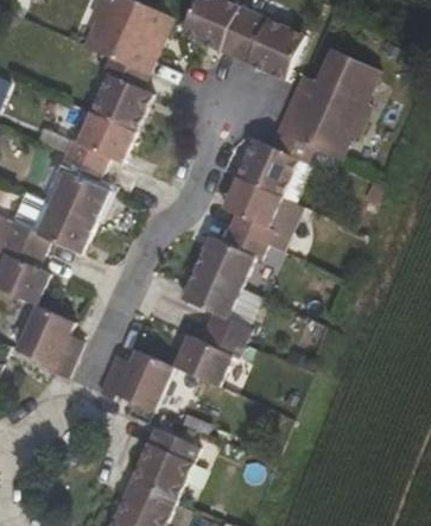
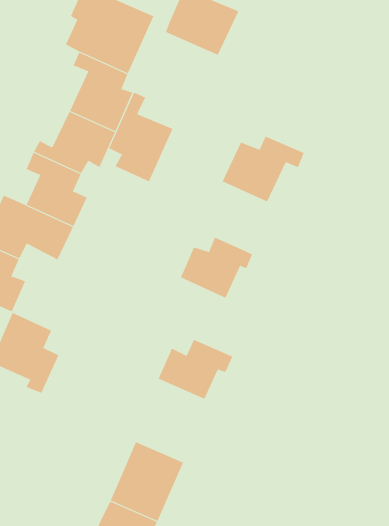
building: [234,12,306,77] -> none
building: [279,49,384,160] -> none
building: none -> [109,92,173,182]
building: [223,176,281,246] -> none
building: [184,268,255,344] -> none
building: [100,348,176,411] -> none

